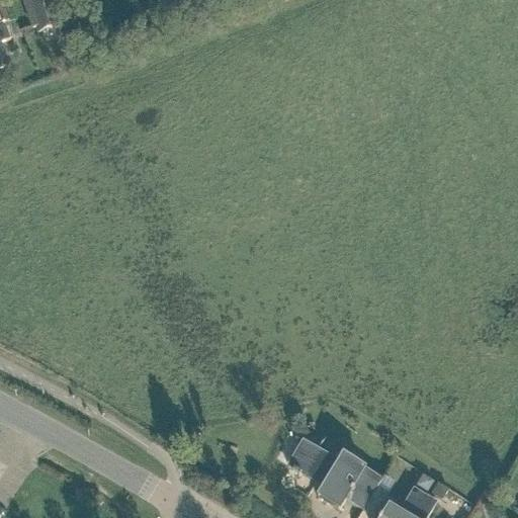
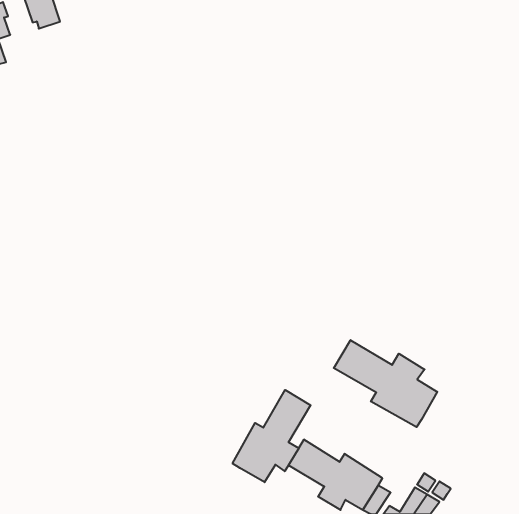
building: none -> [334,340,437,427]
building: none -> [233,390,311,482]

